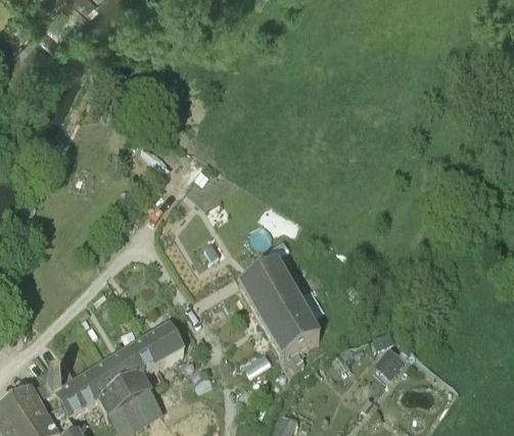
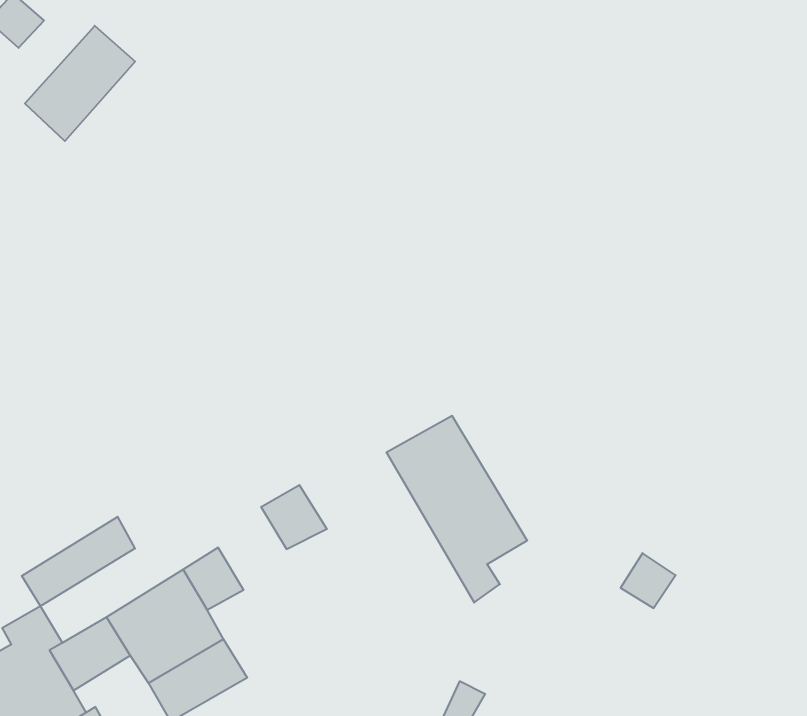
building: none -> [25,26,135,141]
building: none -> [22,517,135,606]
building: [147,324,184,359] -> [261,485,327,549]

